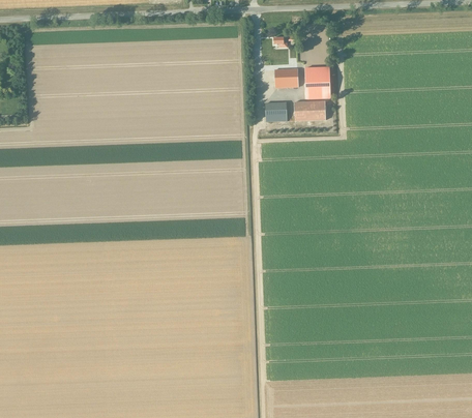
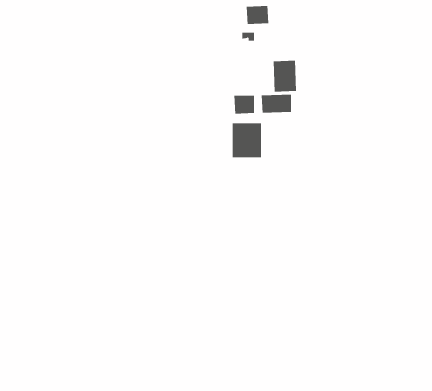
building: [274,67,298,87] -> [246,6,269,25]
building: none -> [232,122,262,158]

